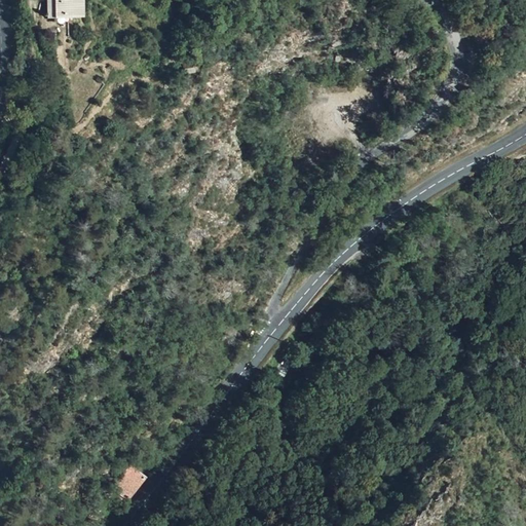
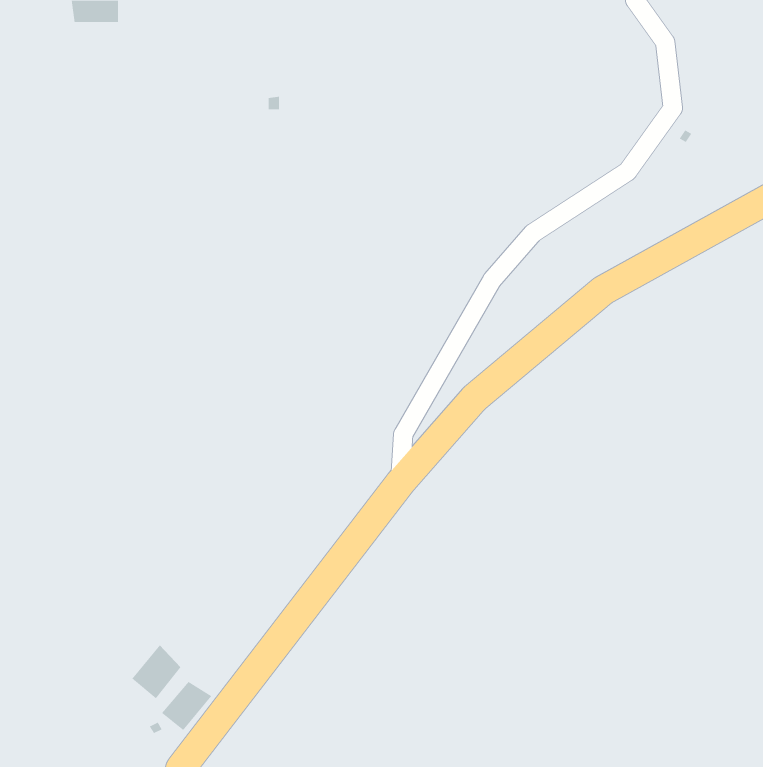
building: none -> [132,645,181,699]

